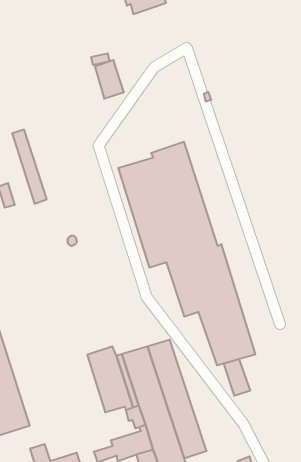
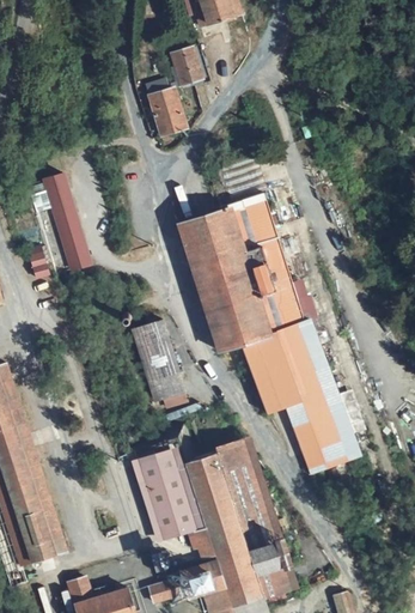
building: none -> [172,45,202,84]
building: none -> [130,320,187,403]
building: [224,359,250,396] -> none

